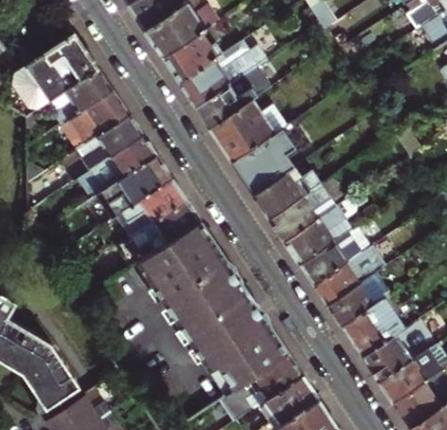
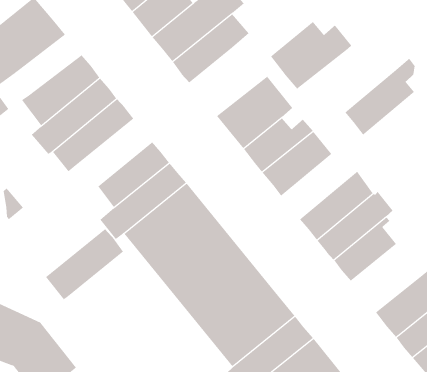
building: [52,73,114,126] -> none
building: [211,100,288,162] -> [270,21,352,90]
building: [97,157,172,220] -> [45,228,124,300]
building: [286,197,356,265] -> [344,58,416,135]
building: [343,296,410,358] -> none

